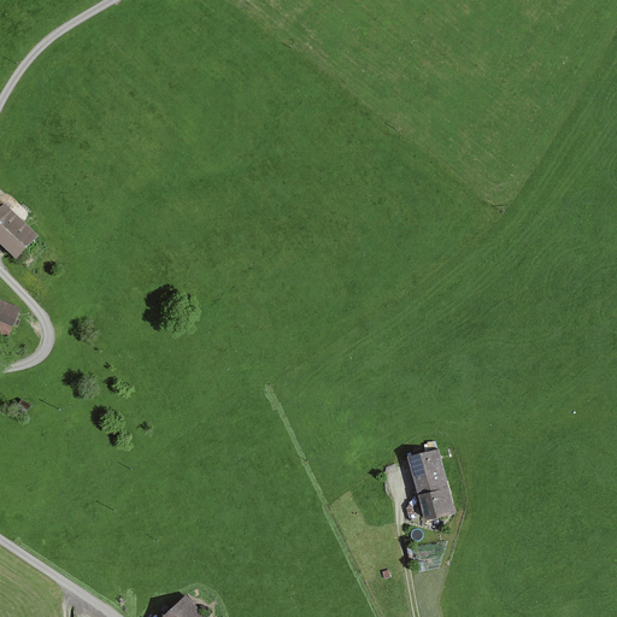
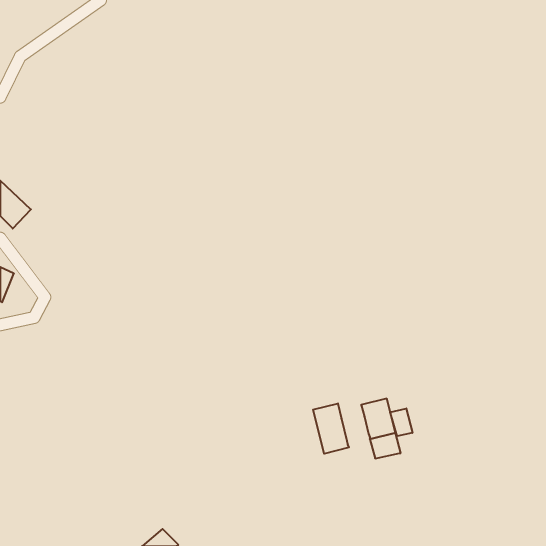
building: none -> [313,403,349,454]
building: none -> [390,408,412,436]

